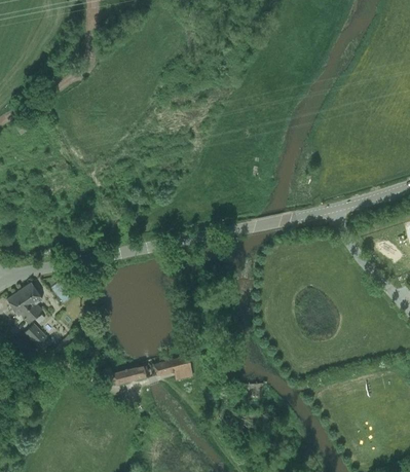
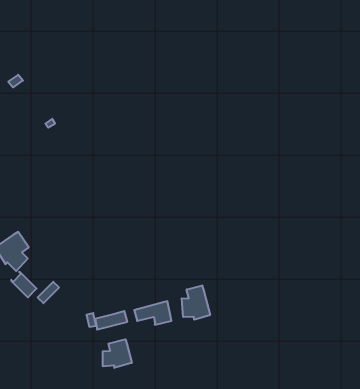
building: none -> [182,285,210,320]
building: none -> [103,339,132,368]

